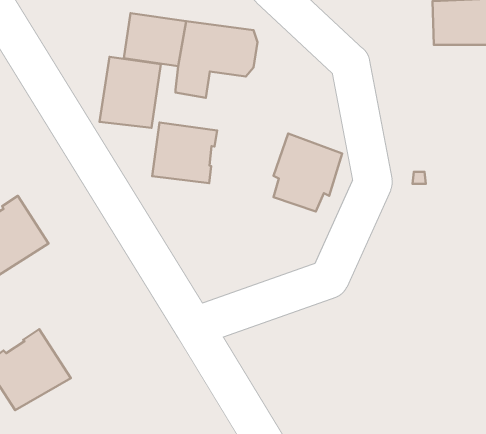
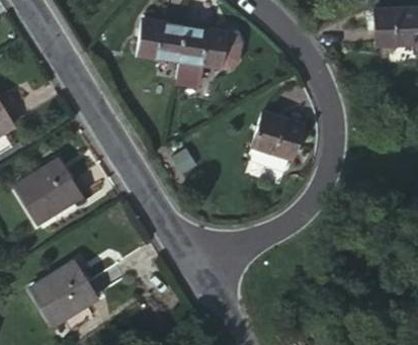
building: [100,57,161,128] -> none
building: [152,123,217,183] -> none

